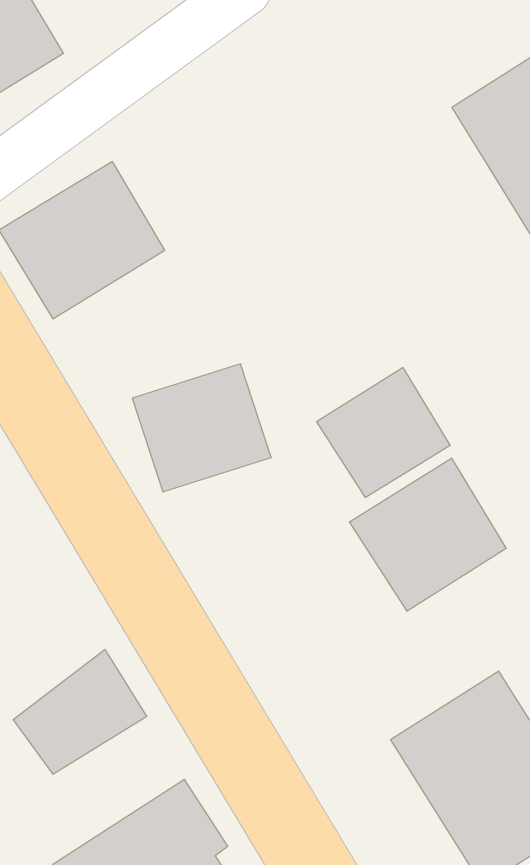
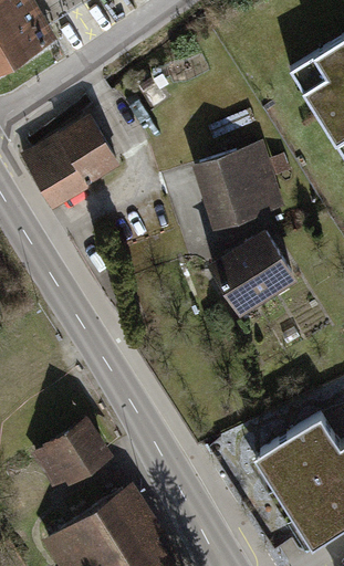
building: [132,364,271,492] -> [197,148,282,227]
building: [349,458,506,611] -> none

